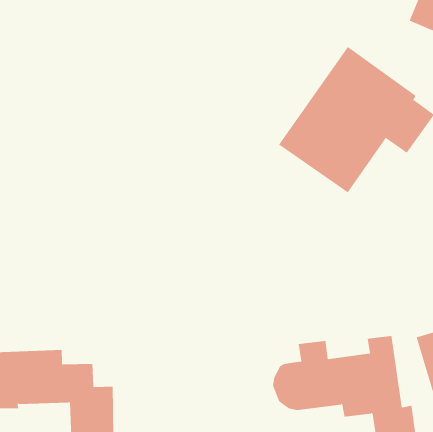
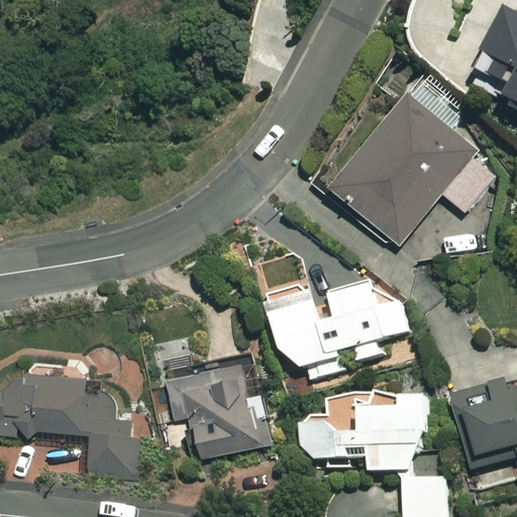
building: none -> [265,276,411,376]
building: none -> [167,352,274,460]

